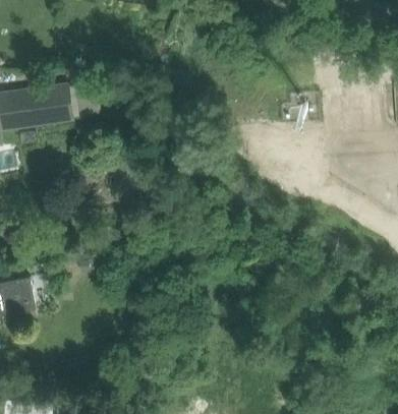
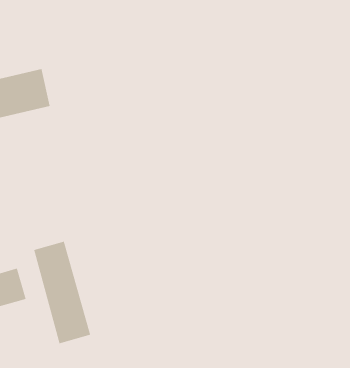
building: none -> [33,241,91,344]

